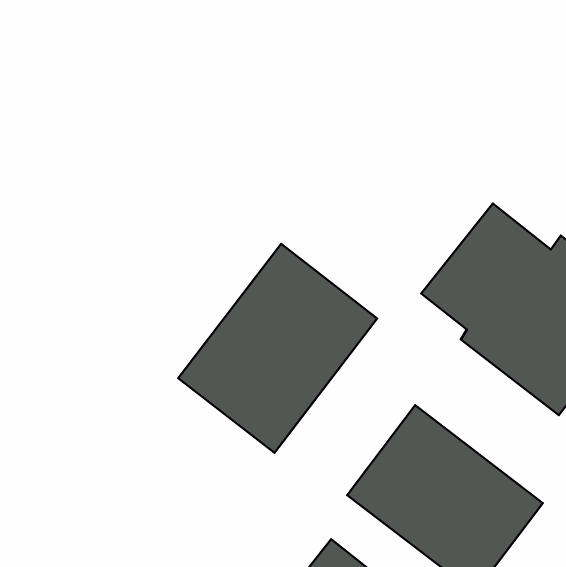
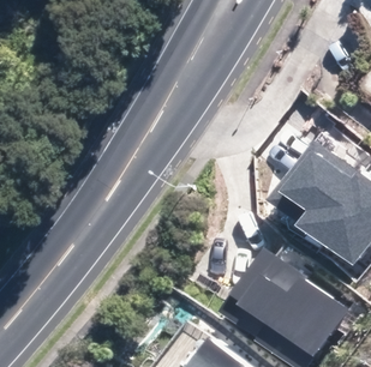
building: [178,244,377,453] -> none

